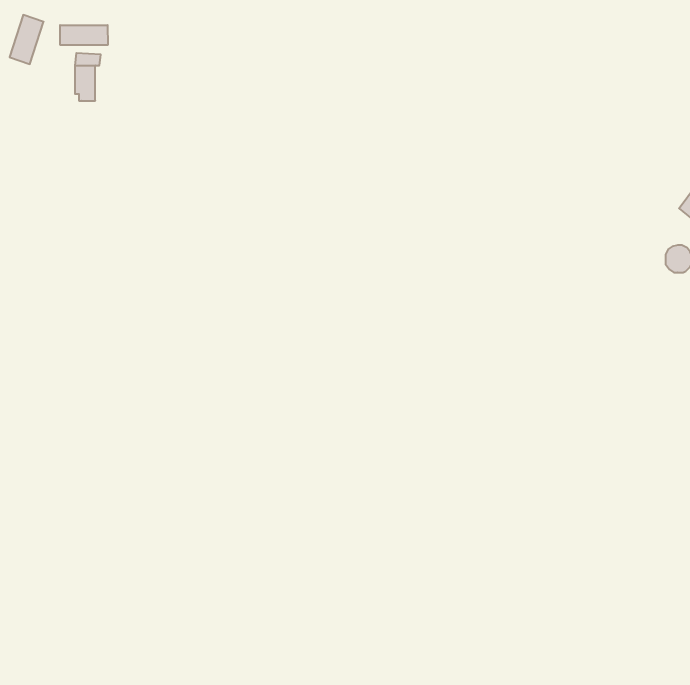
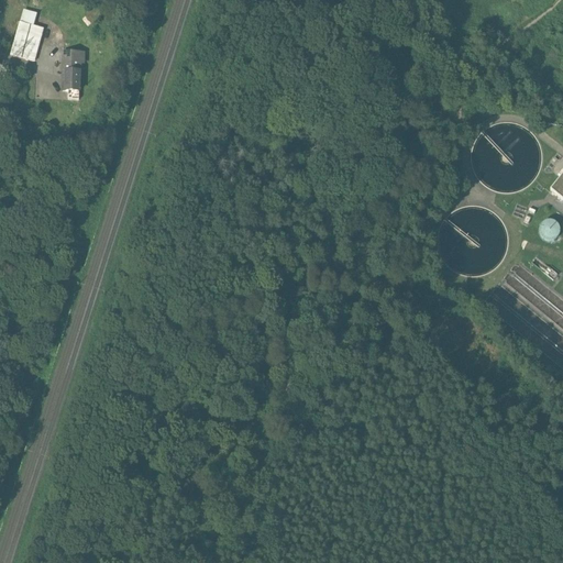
building: [60,25,108,45] -> none

